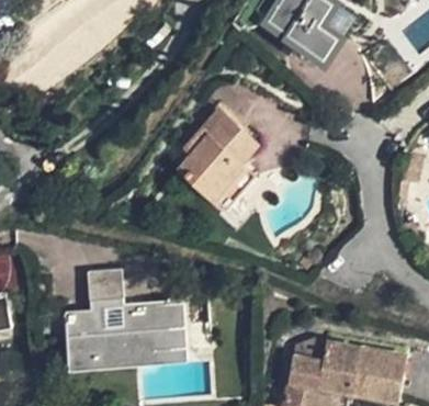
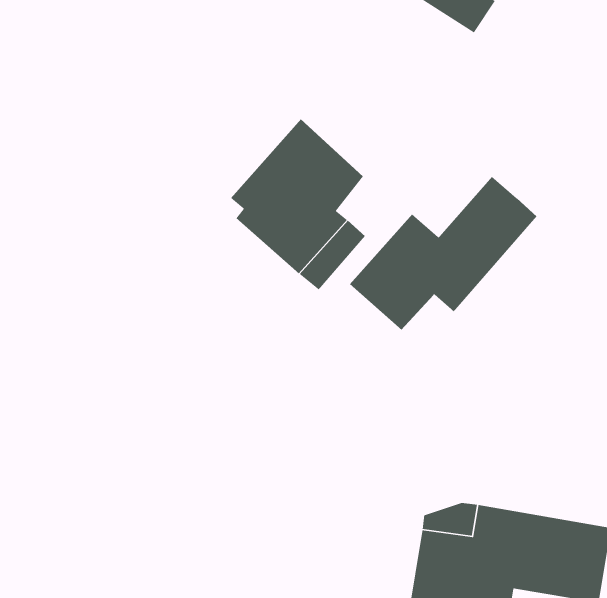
building: none -> [349,176,538,331]
building: [69,271,179,359] -> none

